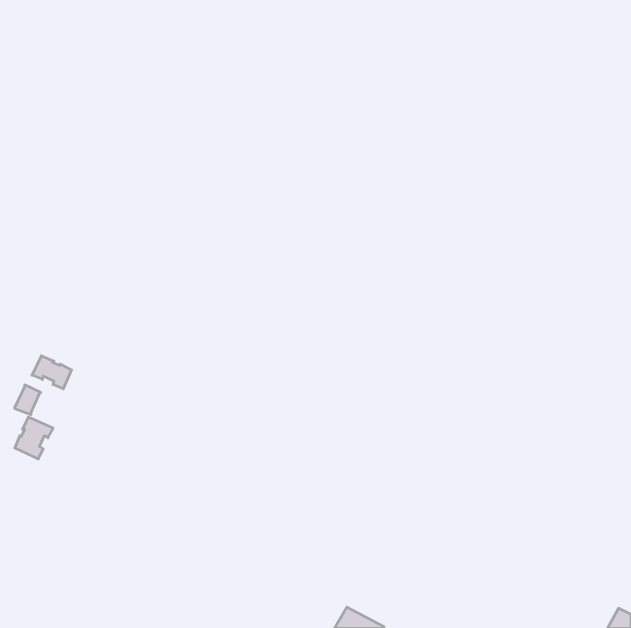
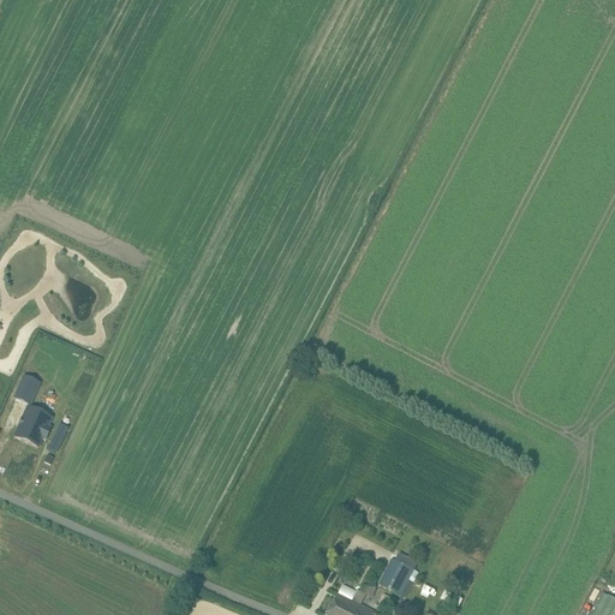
building: [32,356,72,389] -> none
building: none -> [378,557,416,595]

